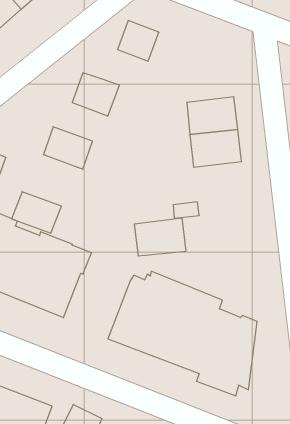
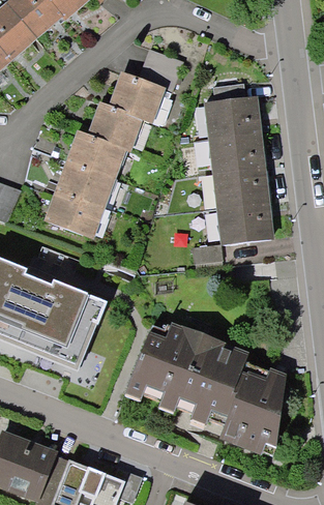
building: none -> [108,77,169,126]
building: none -> [205,83,261,139]
building: none -> [66,136,120,180]
building: [12,192,62,233] -> [45,195,98,239]
building: [134,218,186,256] -> [217,202,273,242]

